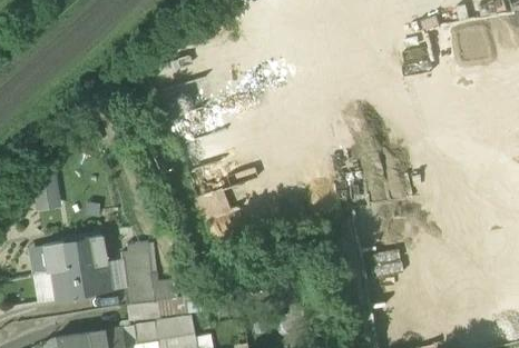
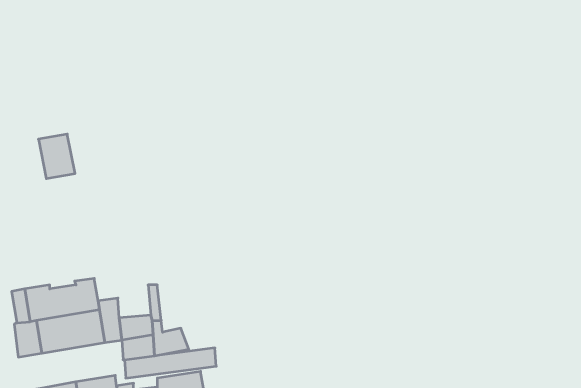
building: [30,176,61,213] -> [38,134,75,179]
building: [121,243,149,271] -> none

